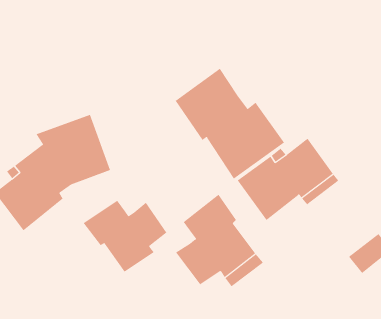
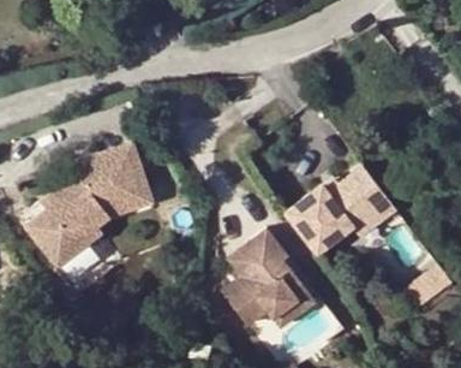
building: [175,68,285,180] -> none
building: [83,200,167,272] -> none

